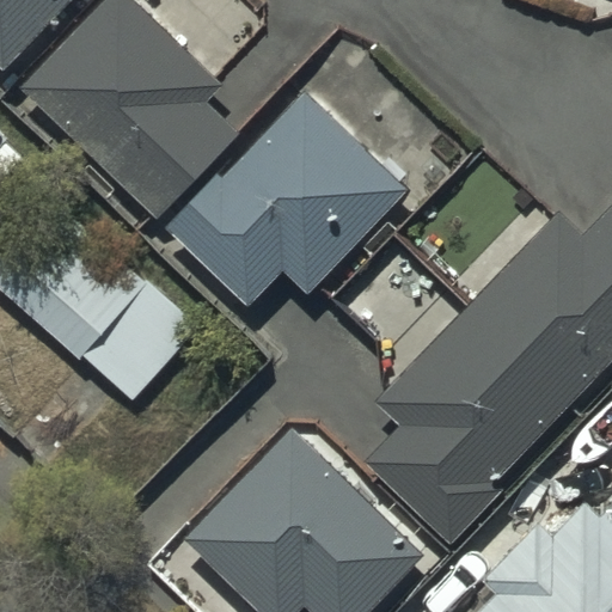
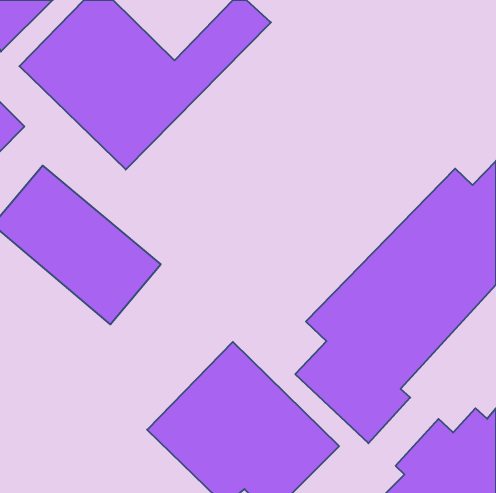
building: [167,94,411,305] -> none

